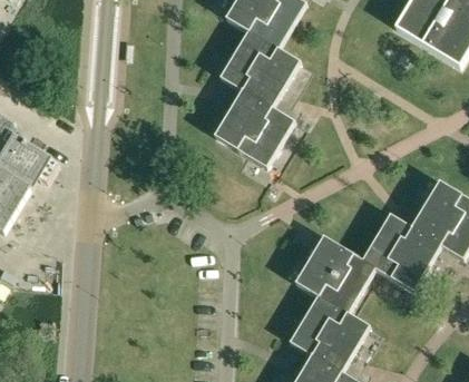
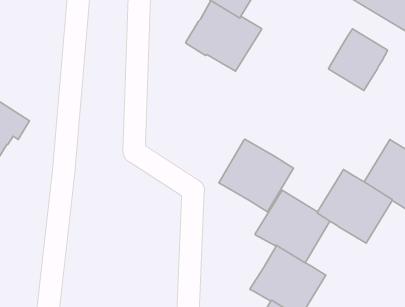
building: none -> [329,29,388,90]
building: [214,88,294,166] -> [219,139,293,212]

